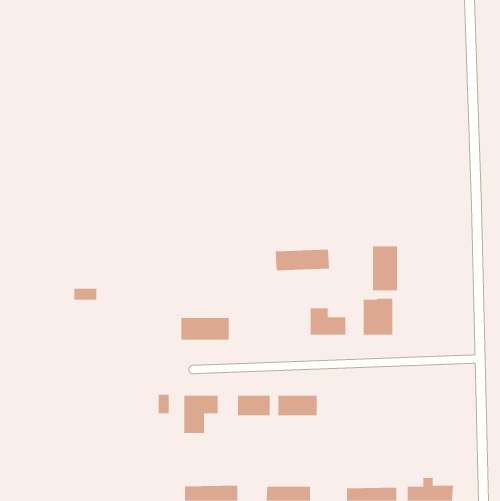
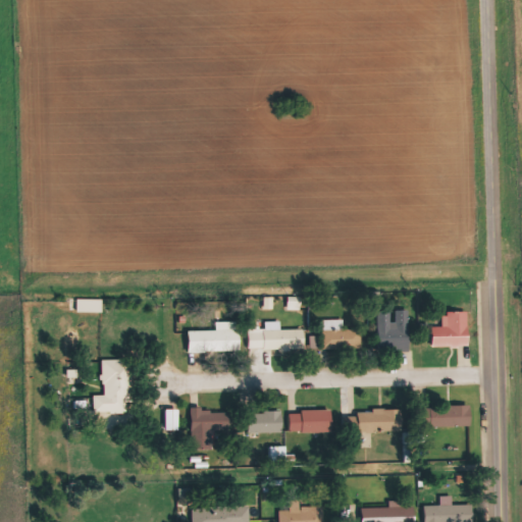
building: [373,245,397,291] -> none
building: [275,249,330,271] -> [247,329,304,352]
building: none -> [432,312,468,347]
building: none -> [93,360,132,413]
building: none -> [428,406,470,426]
building: none -> [357,411,401,432]

